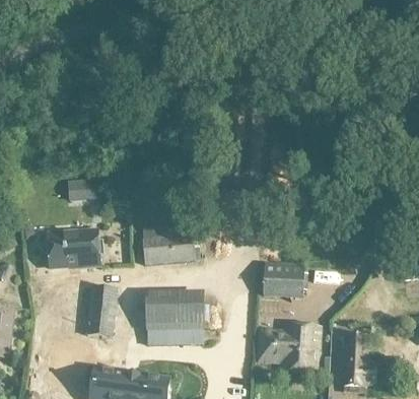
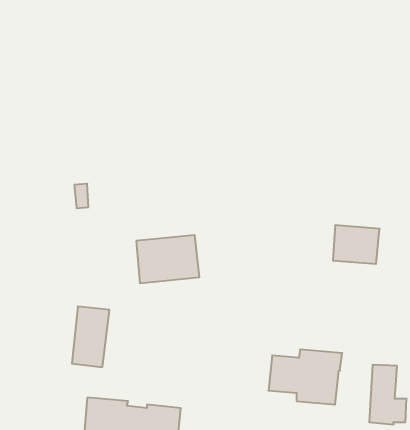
building: [44,232,96,270] -> none
building: [263,265,303,298] -> [333,225,380,264]
building: [142,293,210,333] -> none

